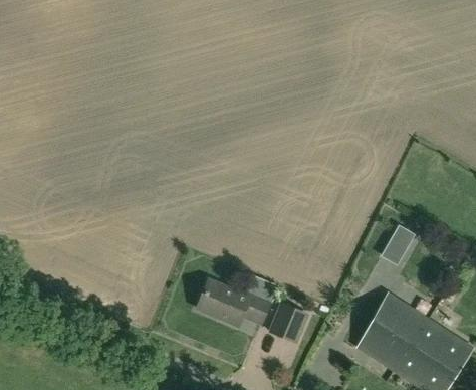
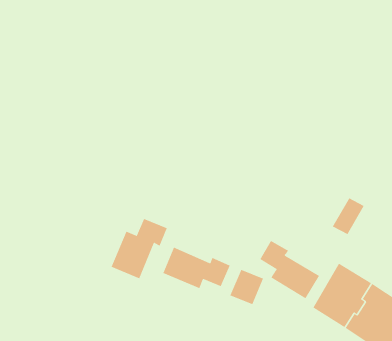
building: none -> [111,218,167,279]
building: none -> [259,240,320,299]

